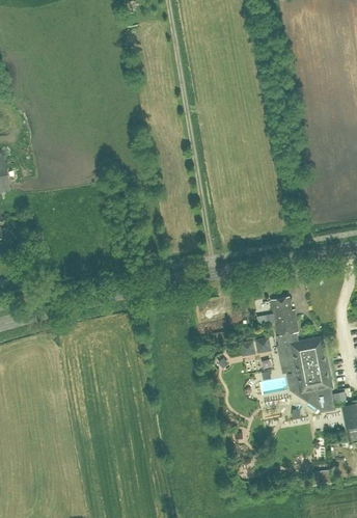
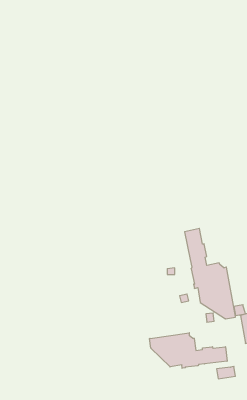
building: none -> [149,333,227,368]

